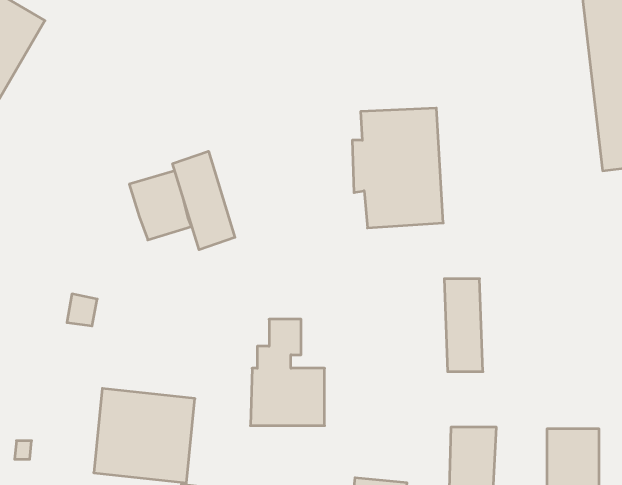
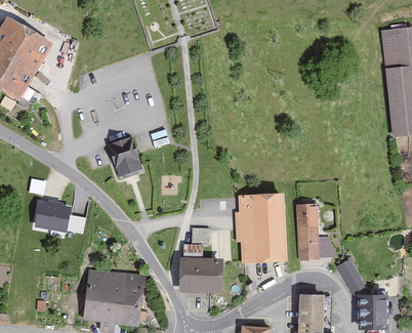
building: [352,108,443,228] -> [234,191,289,263]
building: [173,151,235,250] -> none
building: none -> [32,198,69,228]
building: none -> [336,258,367,296]

